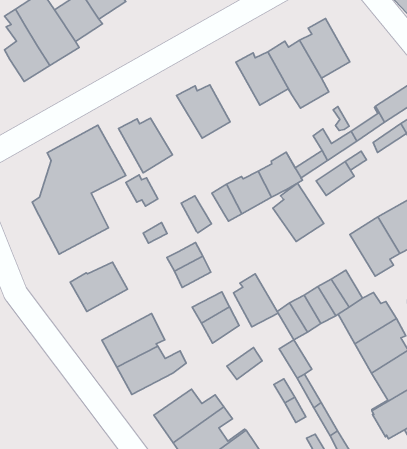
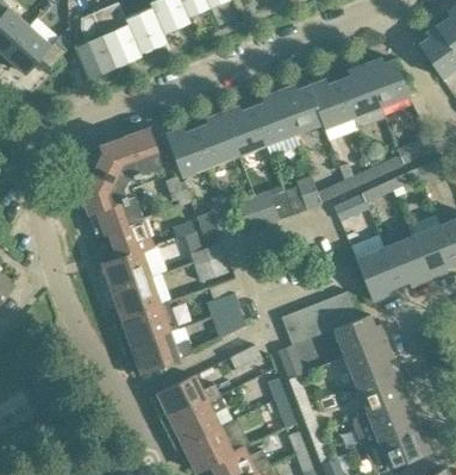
building: none -> [364,58,408,106]
building: none -> [252,90,294,143]
building: none -> [195,112,238,164]
building: [273,183,324,242] -> none
building: none -> [108,220,154,258]
building: [234,274,278,327] -> none
building: none -> [112,277,169,319]

